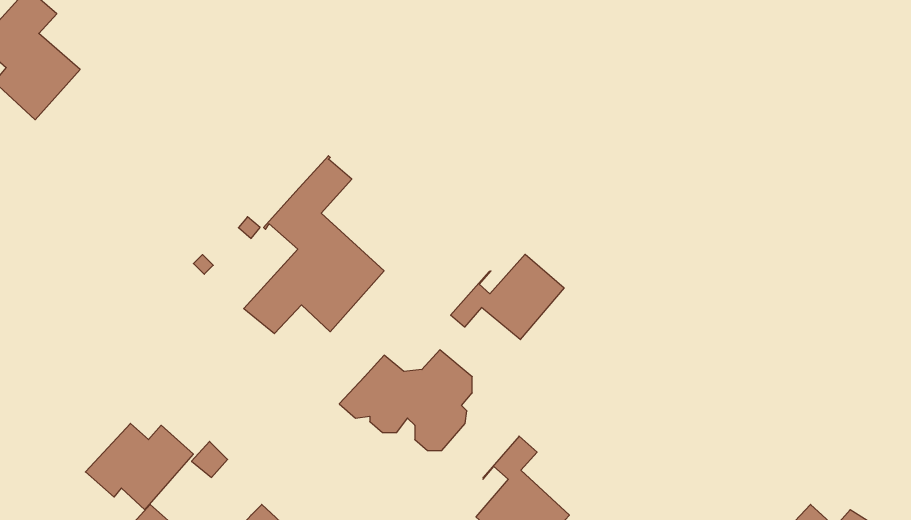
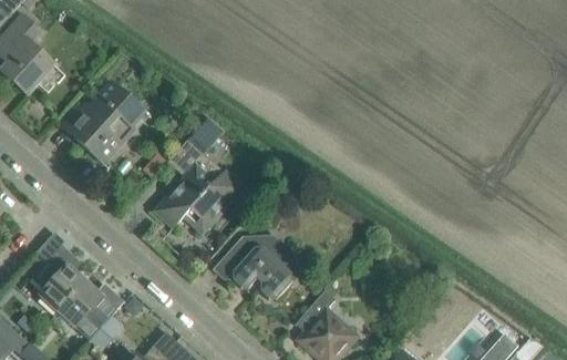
building: none -> [59,83,137,164]
building: [451,254,564,340] -> none
building: none -> [31,245,85,312]

